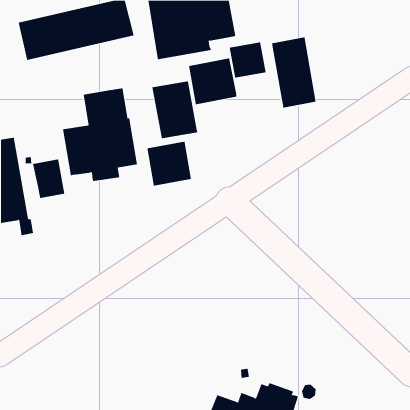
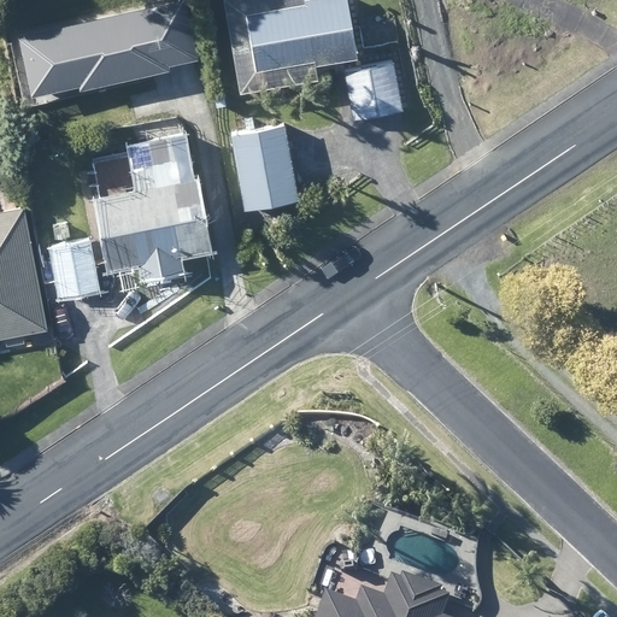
building: [272,37,316,108] -> none
building: [188,57,237,105] -> none
building: [147,141,192,187] -> none

